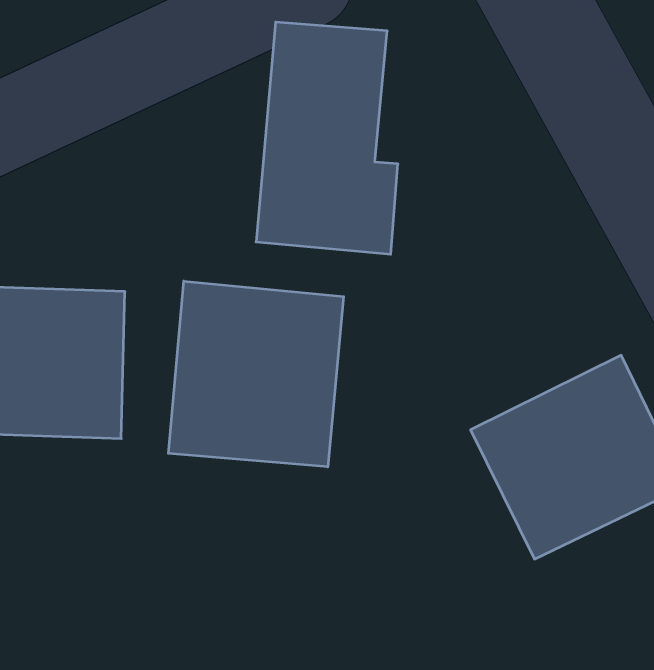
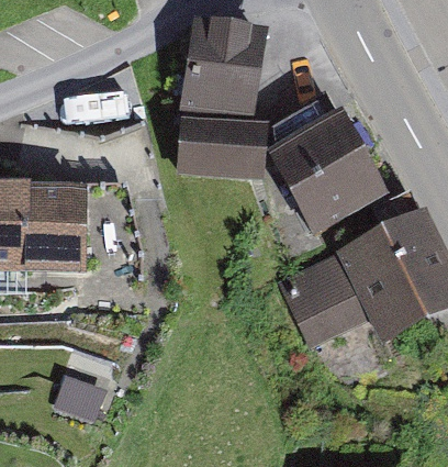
building: none -> [282,110,393,220]
building: [168,281,344,467] -> none

